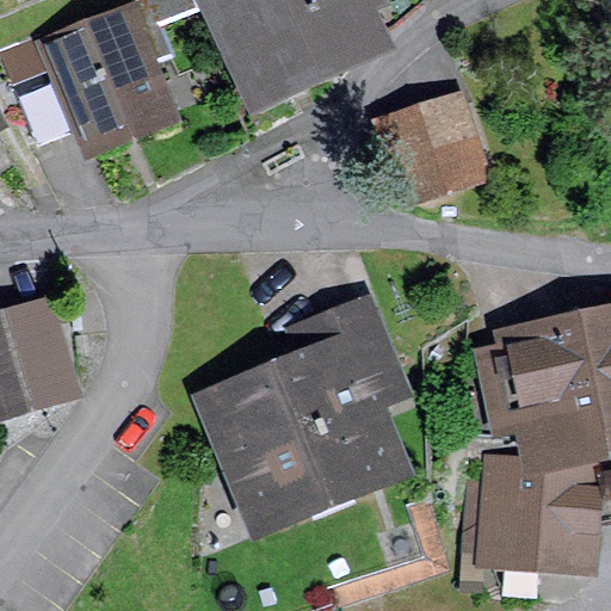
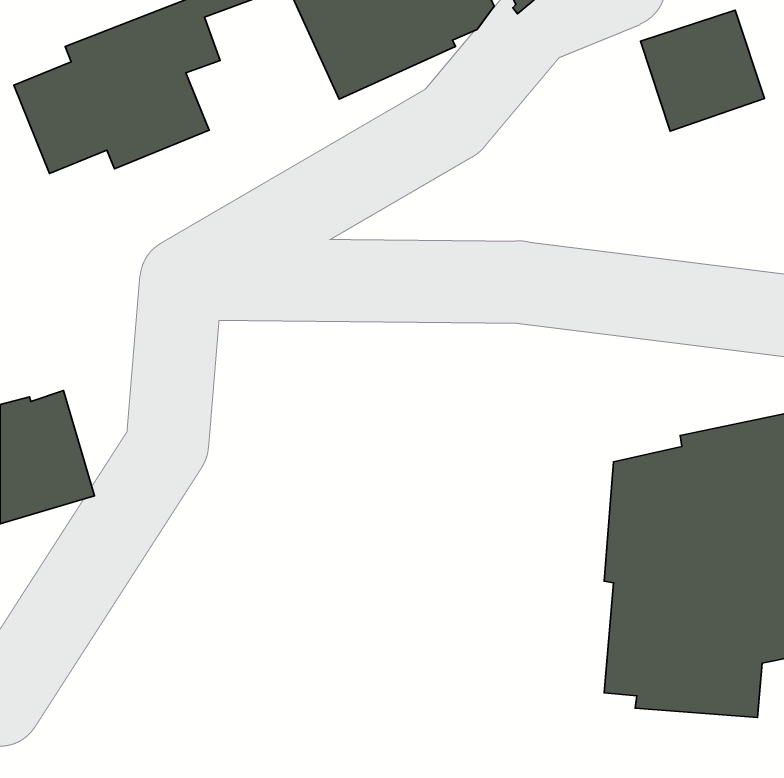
building: [390,95,486,189] -> [641,10,765,131]
building: [229,302,396,499] -> none

